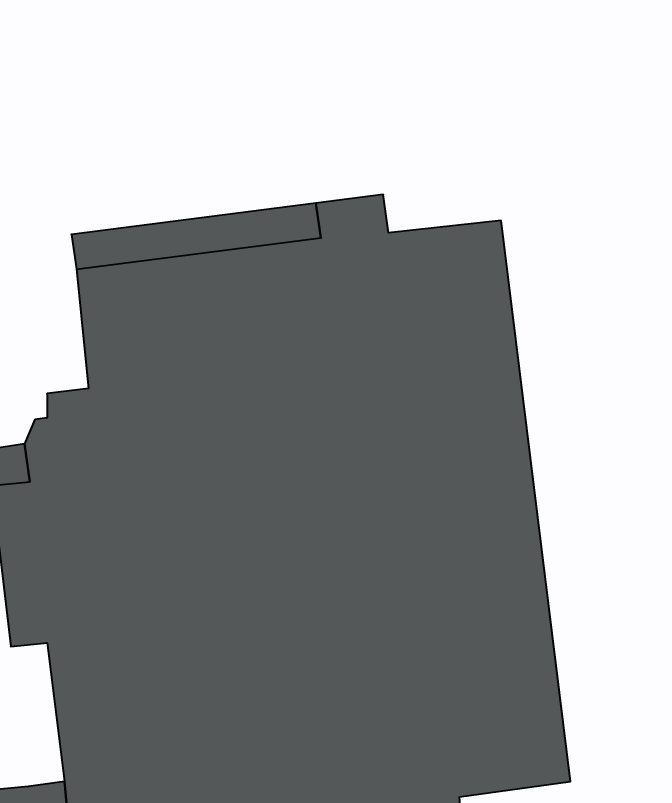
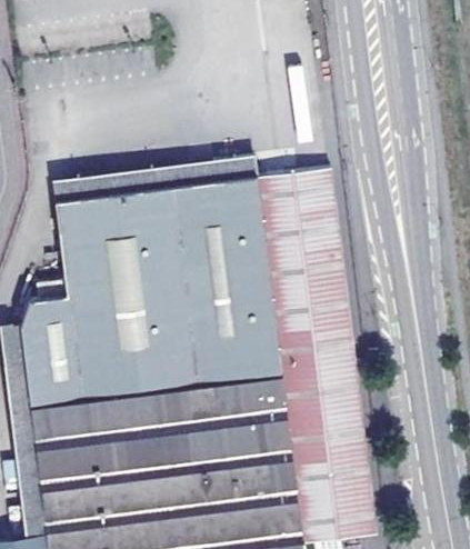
building: none -> [14,445,49,537]

